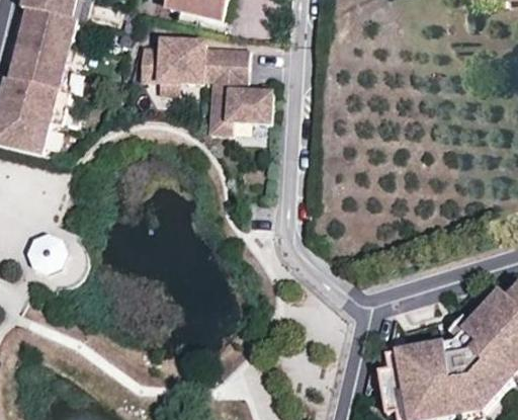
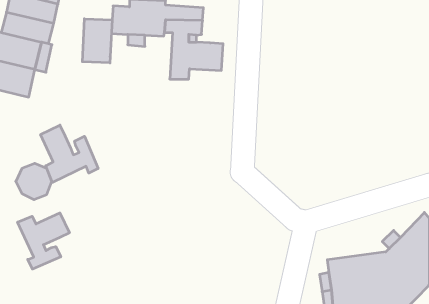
building: none -> [82,19,112,63]
building: none -> [41,125,98,182]
building: none -> [18,213,69,269]

